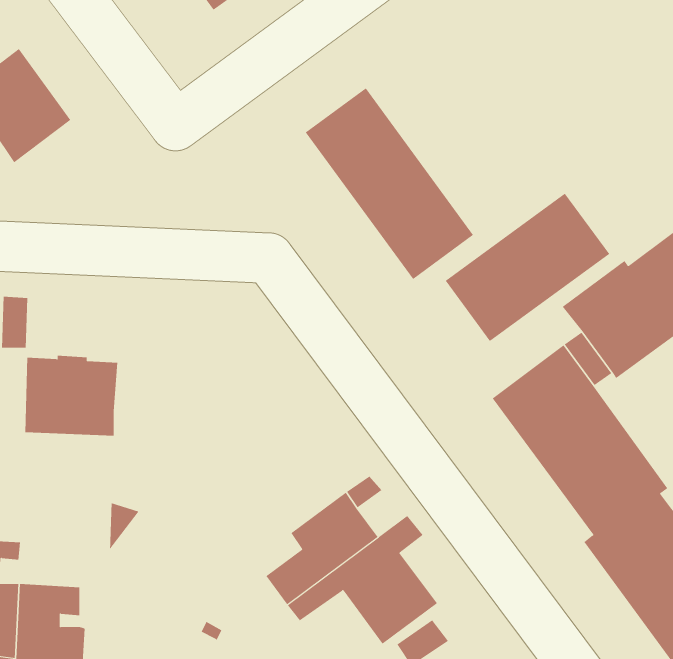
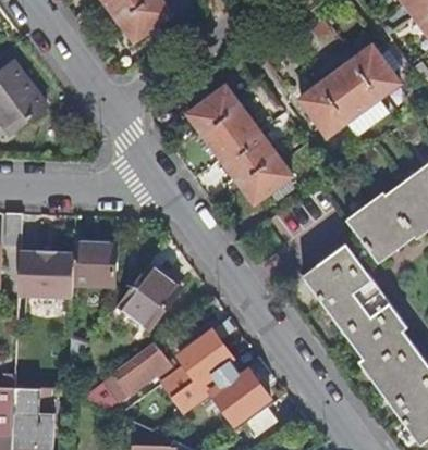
building: [445,193,610,342] -> [298,46,399,136]
building: none -> [73,241,114,285]
building: none -> [117,262,180,327]
building: none -> [86,345,173,409]

